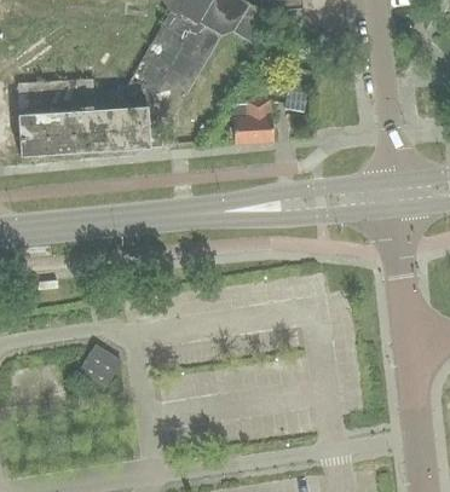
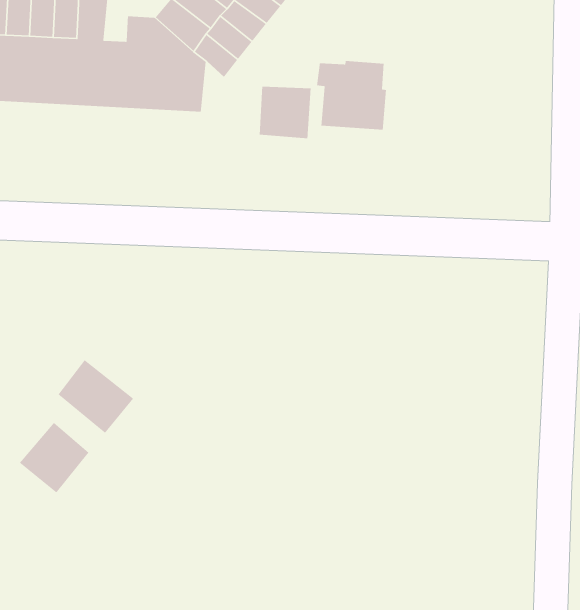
building: none -> [259,86,312,139]
building: none -> [57,359,134,434]

